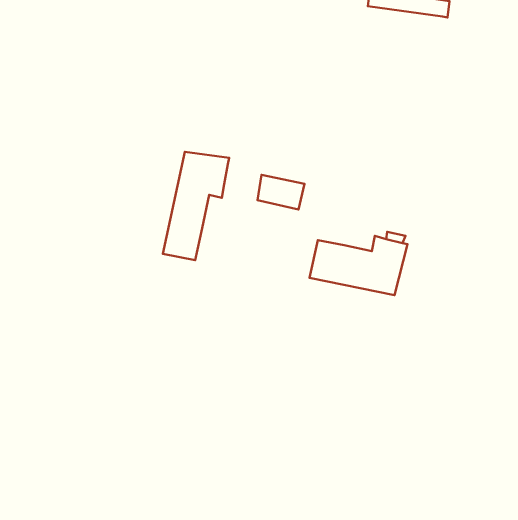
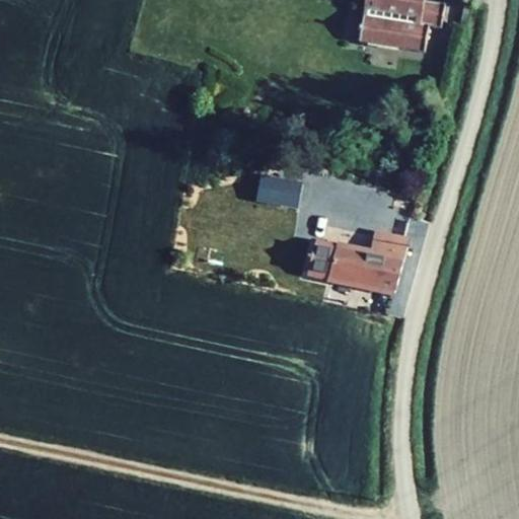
building: none -> [360,6,444,50]
building: [163,152,229,260] -> none

